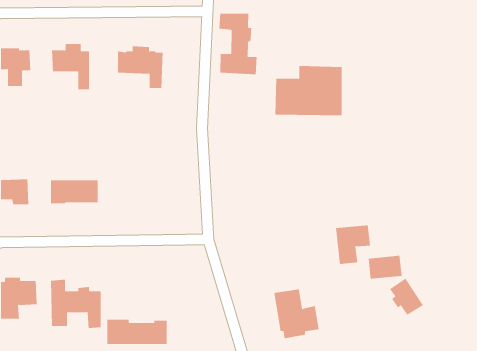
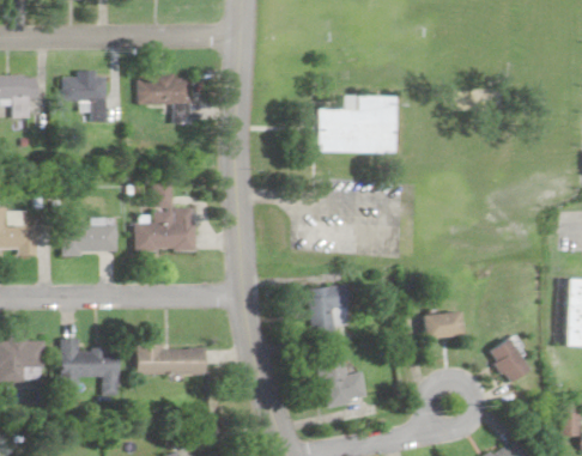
building: [219,13,257,75] -> none
building: none -> [133,188,195,253]
building: [335,225,371,265] -> [308,285,348,330]
building: [389,278,424,316] -> [491,340,531,383]
building: [107,319,167,344] -> [137,346,206,375]

